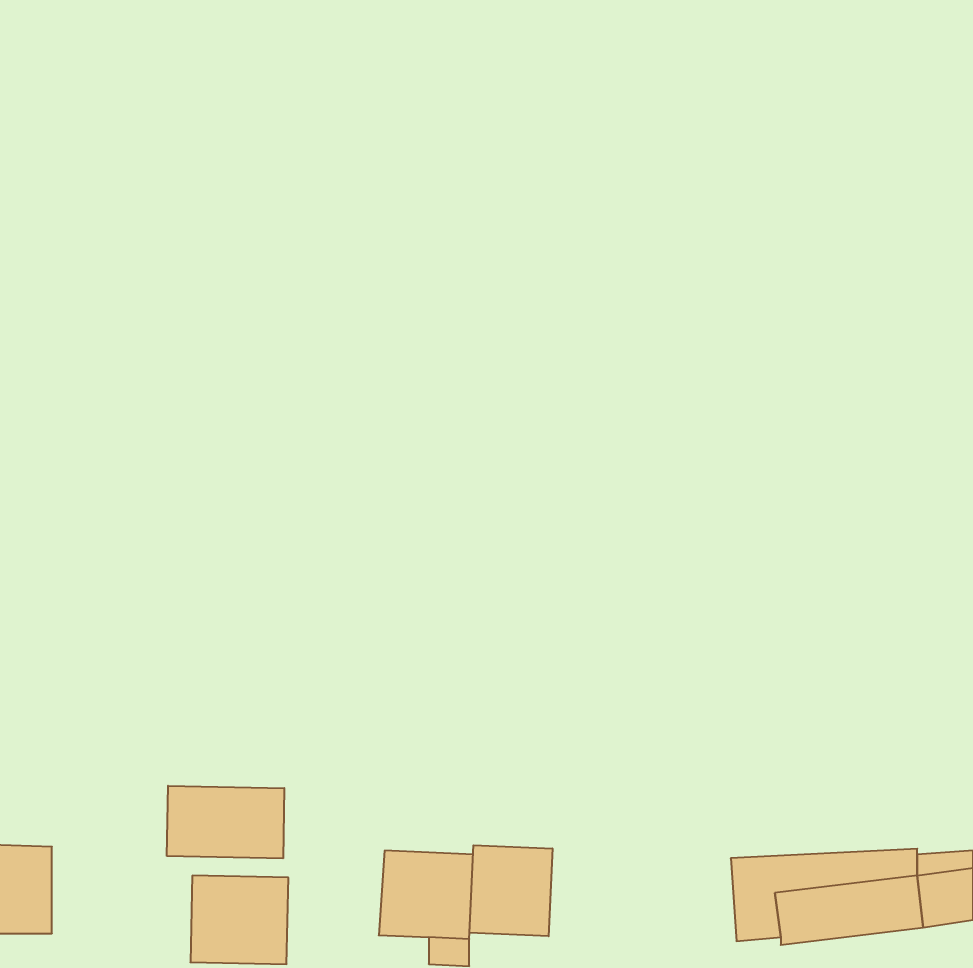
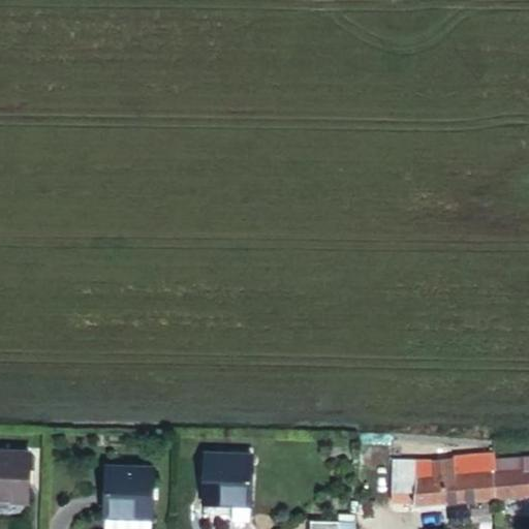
building: [167,786,284,858] -> none
building: [470,845,552,936] -> none

